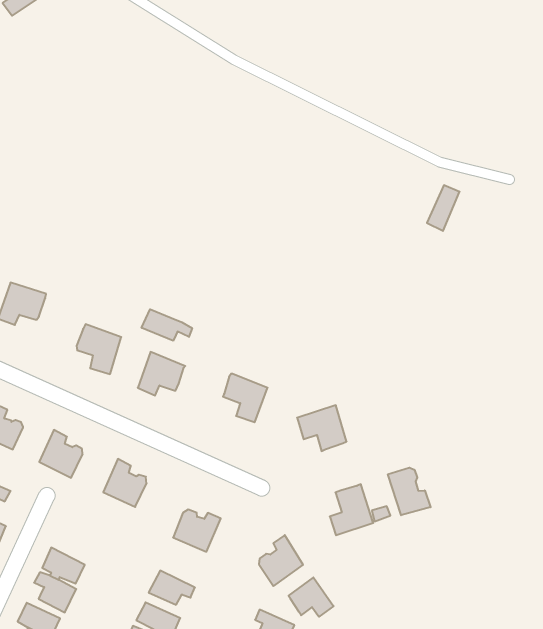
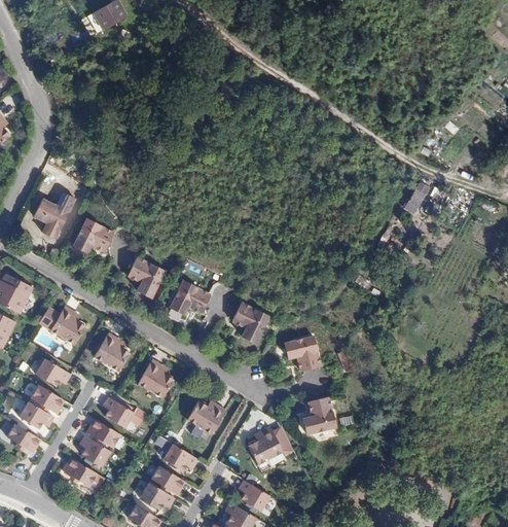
building: [142,309,192,341] -> none
building: [388,468,431,515] -> none
building: none -> [103,396,132,427]
building: [289,577,334,617] -> none

